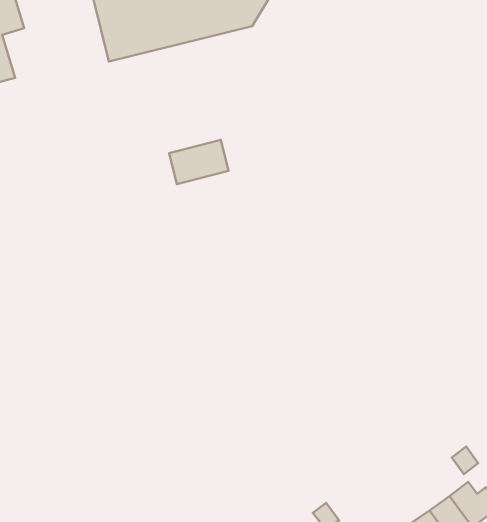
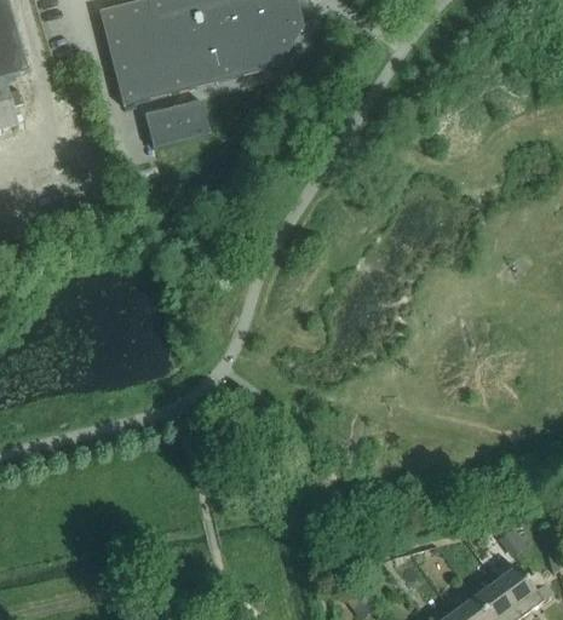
building: [169,140,229,184] -> [144,101,209,149]

